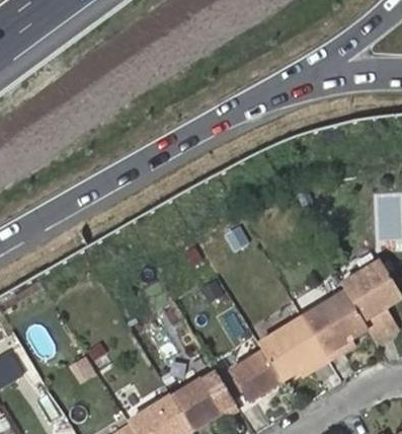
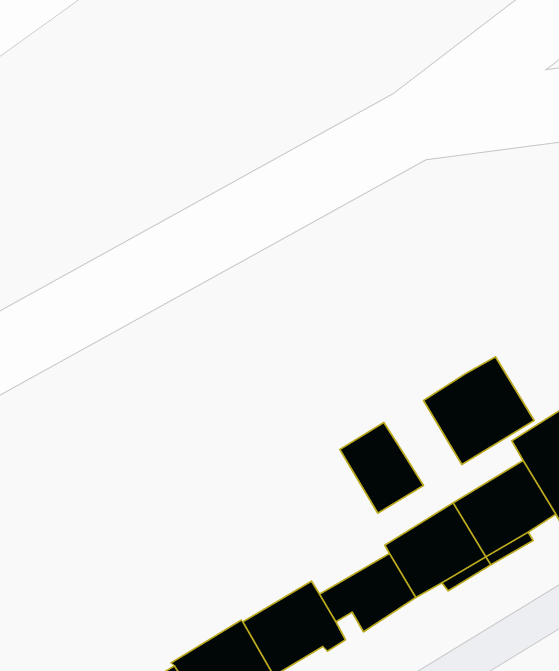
building: none -> [423,357,534,464]
building: none -> [340,422,423,513]

